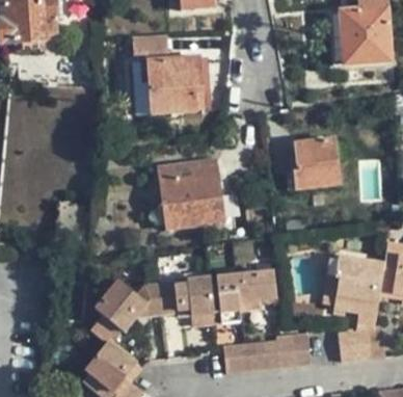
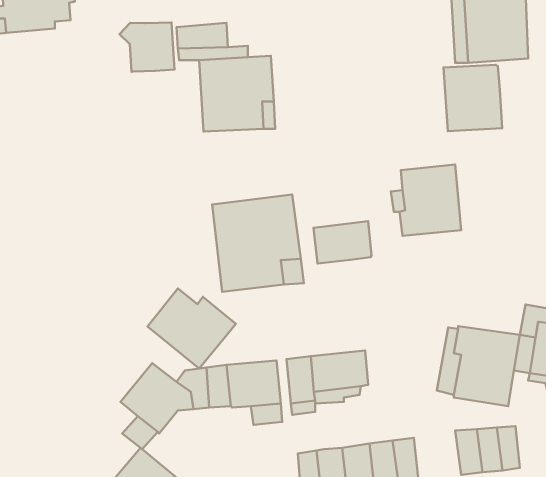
building: none -> [120,22,174,72]
building: none -> [443,65,502,131]
building: none -> [313,221,372,263]
building: none -> [148,288,236,369]

